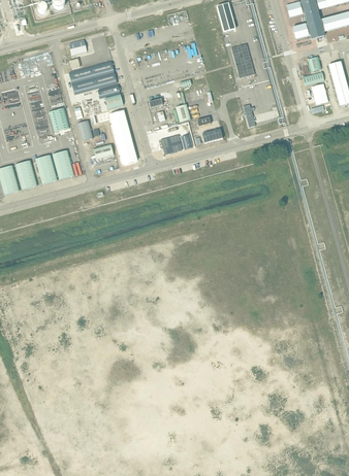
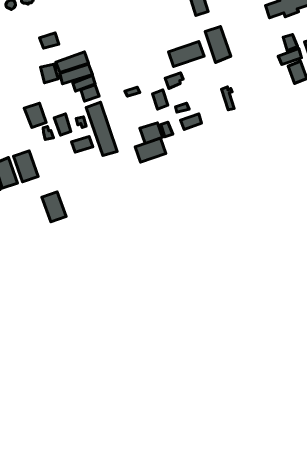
building: none -> [168,41,204,66]
building: [52,149,74,178] -> [42,192,66,222]
building: none -> [135,138,166,162]

